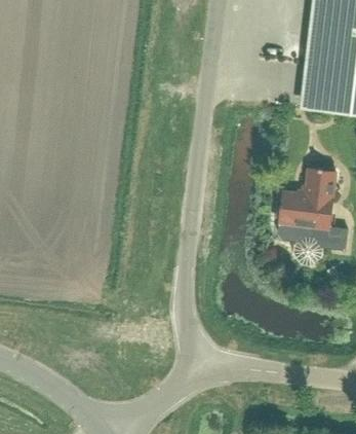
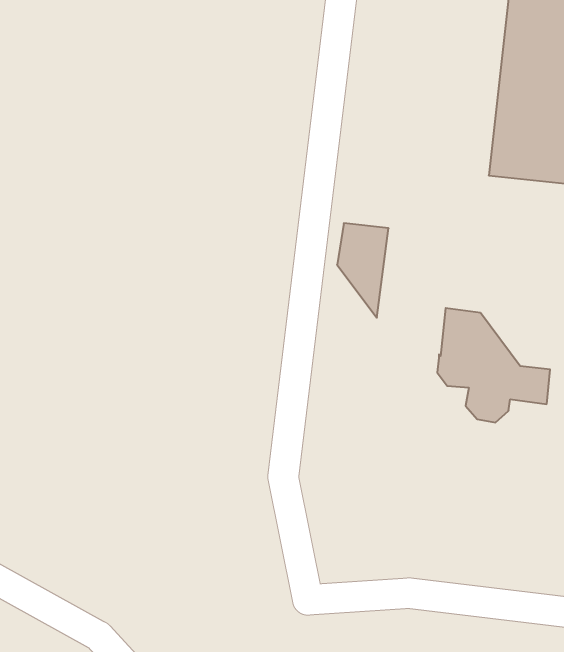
building: [302,170,333,228] -> [337,223,389,318]

